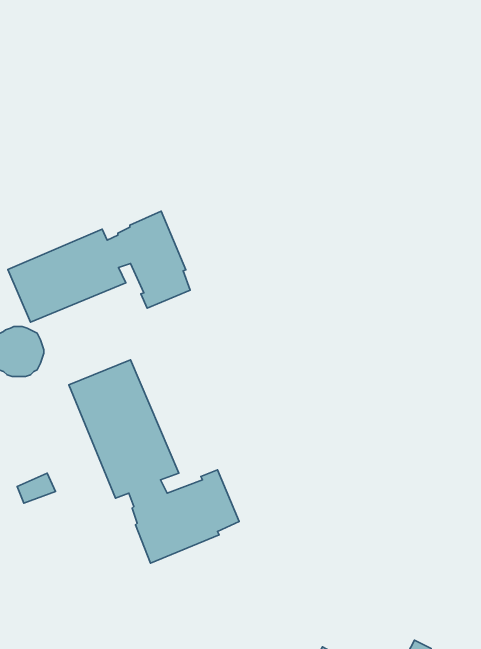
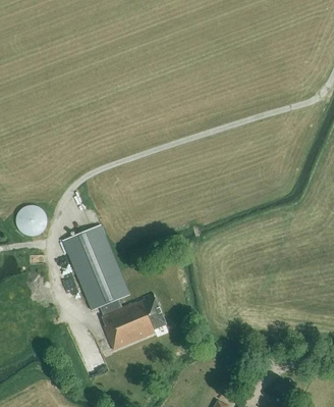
building: [8,211,190,322] -> none

